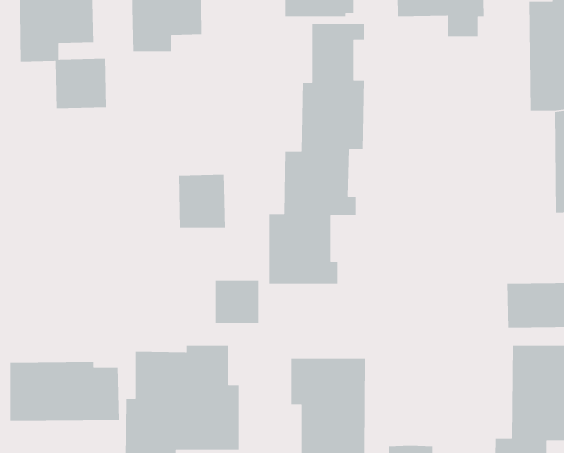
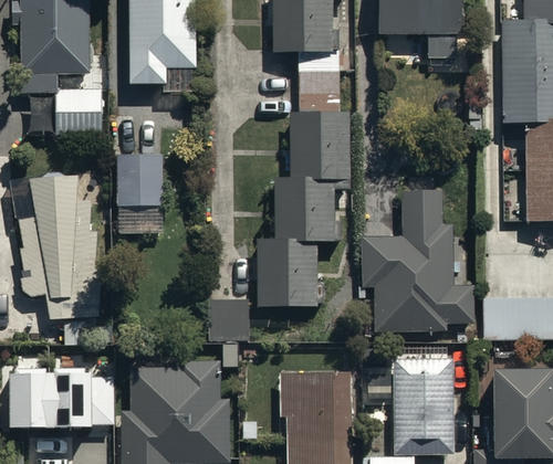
building: none -> [20,179,100,324]
building: none -> [362,188,474,329]
building: [178,174,226,229] -> [117,152,163,204]
building: none -> [392,357,453,454]

